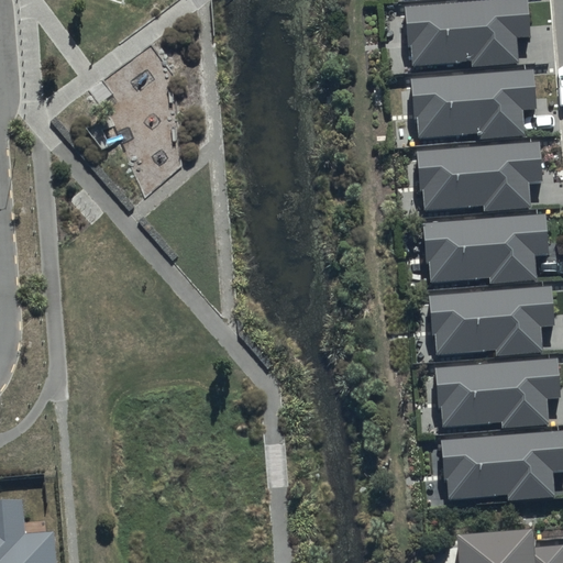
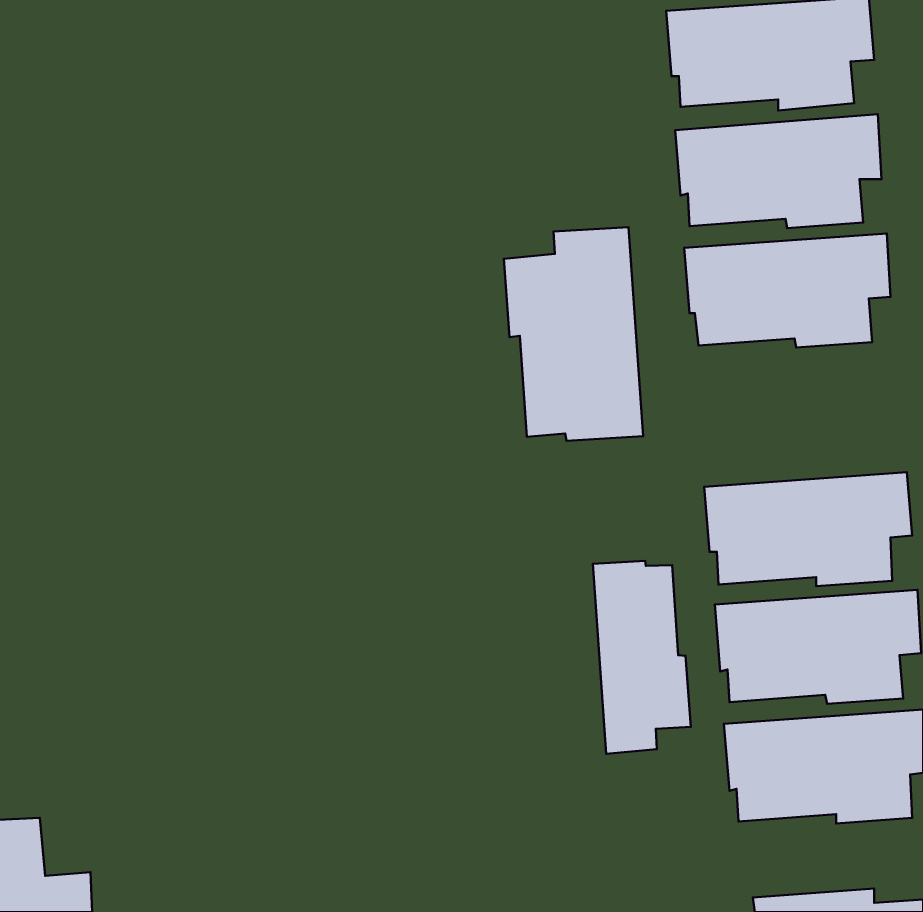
building: none -> [504,227,643,441]
building: [422,216,548,285] -> none
building: none -> [593,561,691,754]

